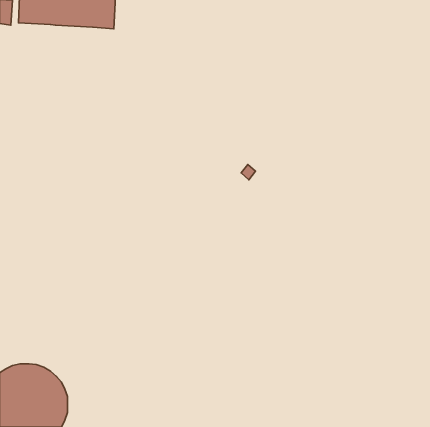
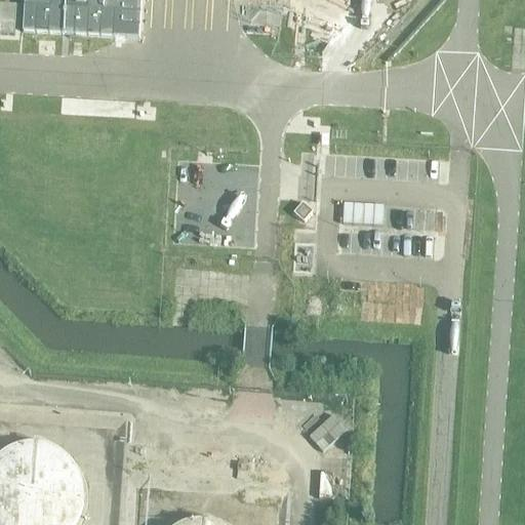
building: none -> [308,412,346,449]

